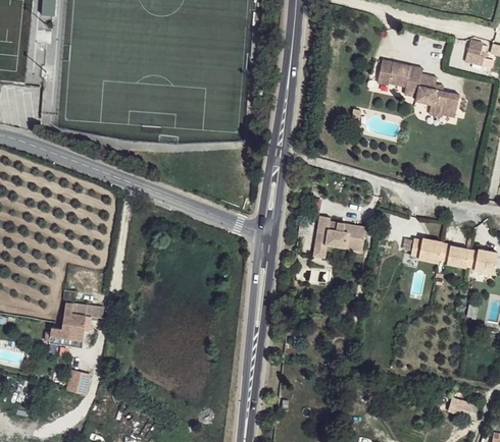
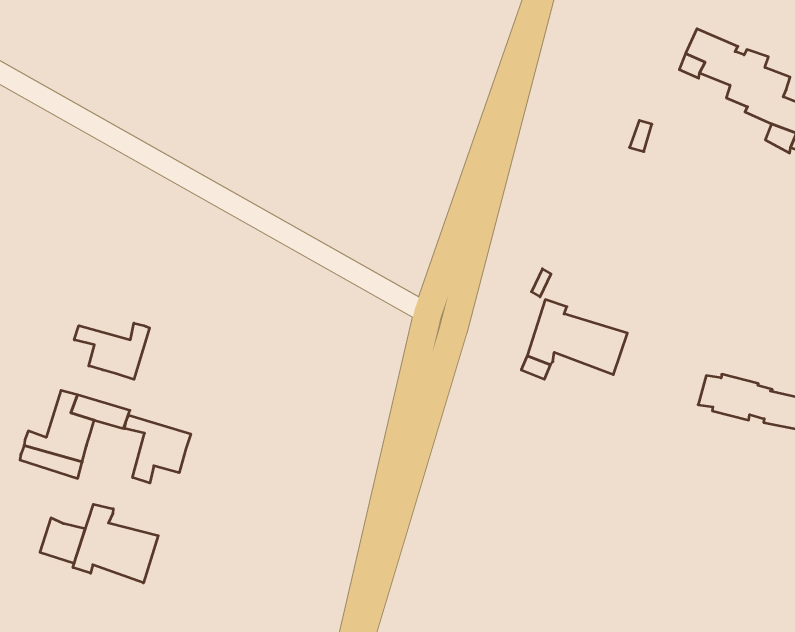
building: none -> [74,323,150,379]
building: none -> [125,415,191,483]
building: none -> [73,504,158,583]

